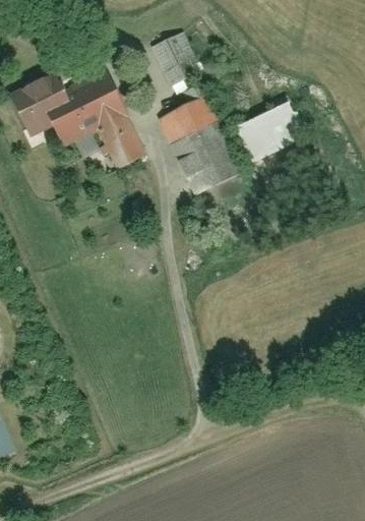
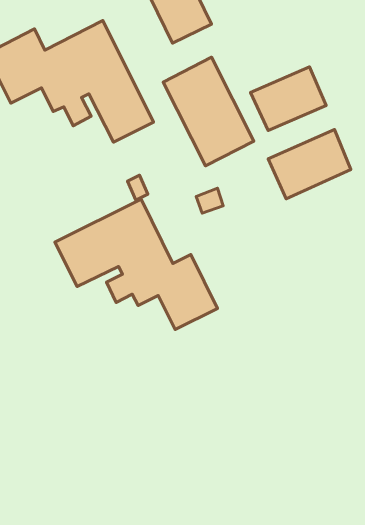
building: none -> [268,130,351,199]
building: none -> [55,199,217,330]

